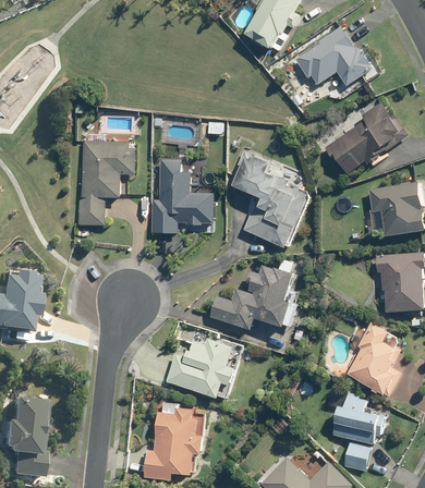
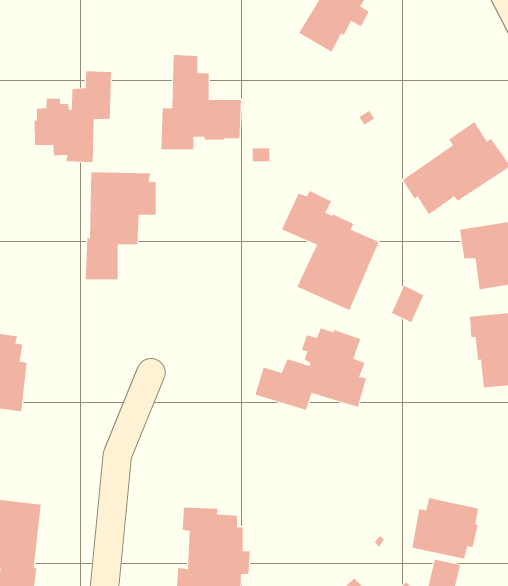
building: [295,26,372,87] -> none
building: none -> [34,71,112,163]
building: [150,159,214,233] -> [160,54,242,150]
building: none -> [391,285,424,323]
building: [345,319,401,396] -> none
building: [166,335,241,395] -> none

